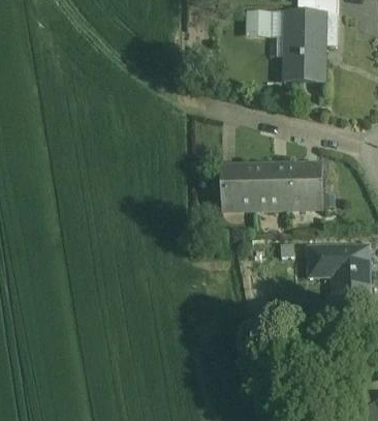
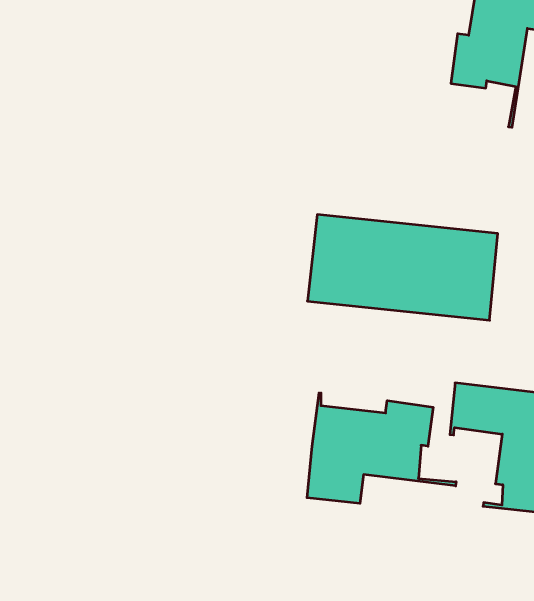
building: none -> [307,393,456,503]

